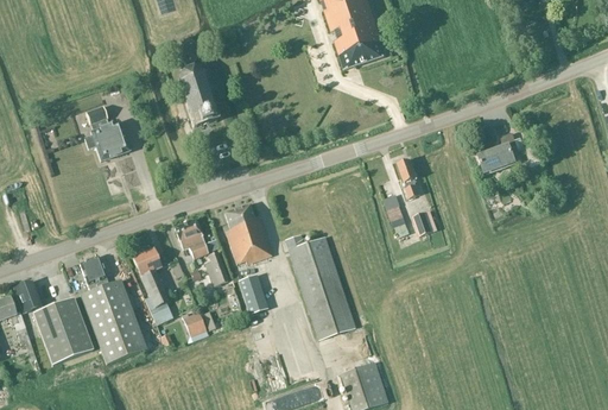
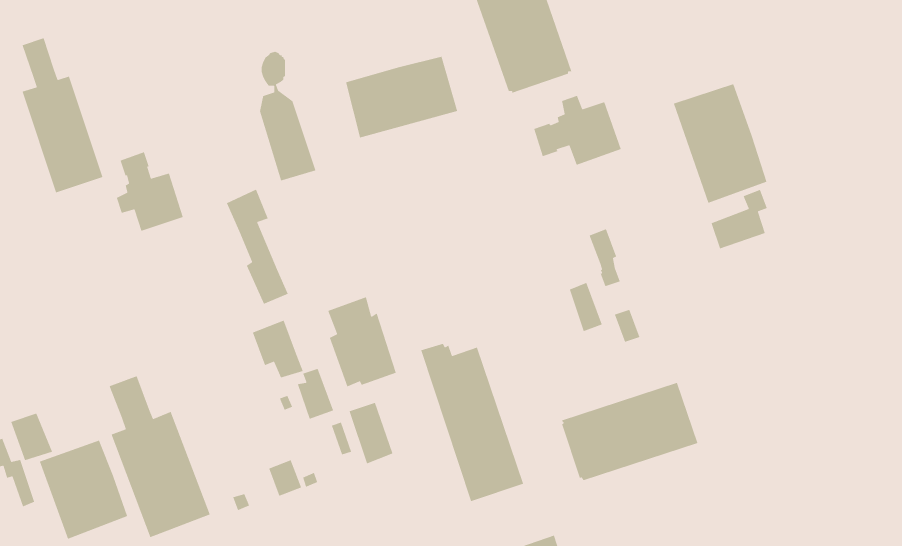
building: none -> [21,37,104,193]
building: none -> [345,56,458,139]
building: none -> [673,83,768,204]
building: none -> [533,95,622,166]
building: [132,247,173,324] -> [226,189,289,305]
building: none -> [561,382,699,481]

